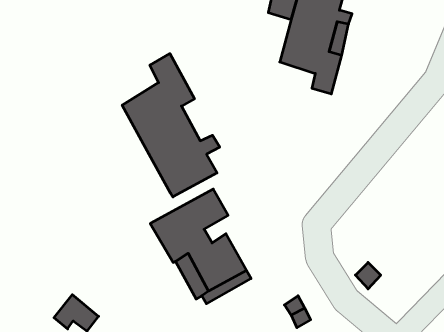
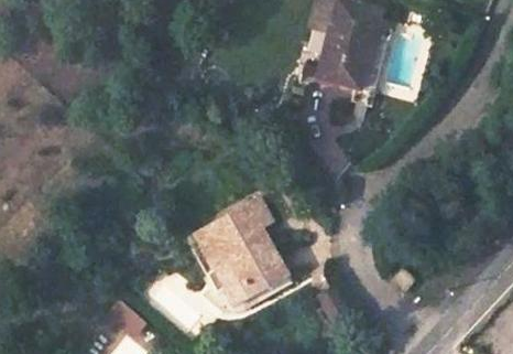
building: [122,54,220,197] -> none

